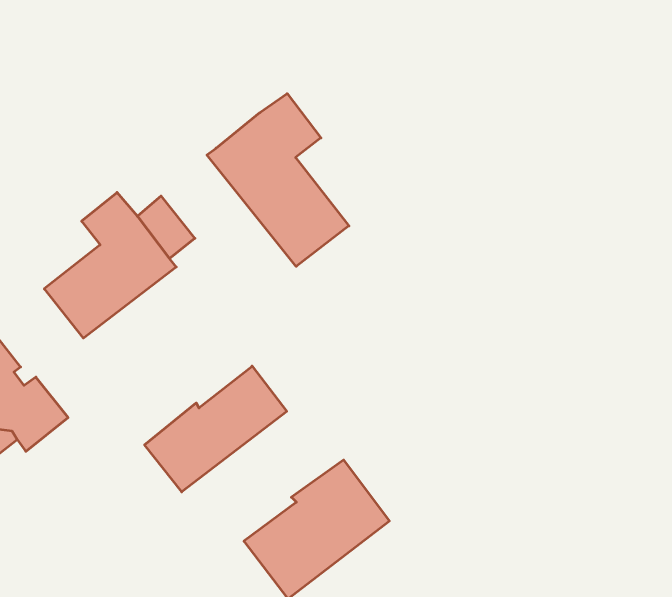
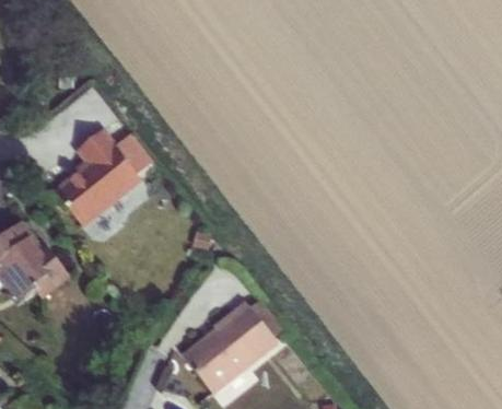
building: [207,94,349,266] -> none
building: [145,366,287,492] -> none

